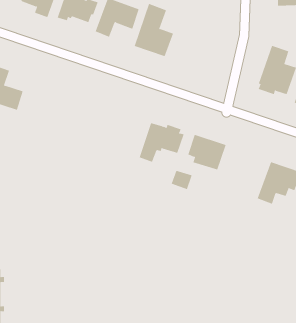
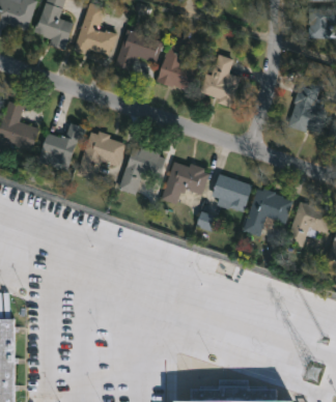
building: none -> [199,55,241,107]
building: none -> [39,122,86,164]
building: none -> [76,132,127,180]
building: none -> [118,147,167,195]
building: none -> [244,186,292,235]

